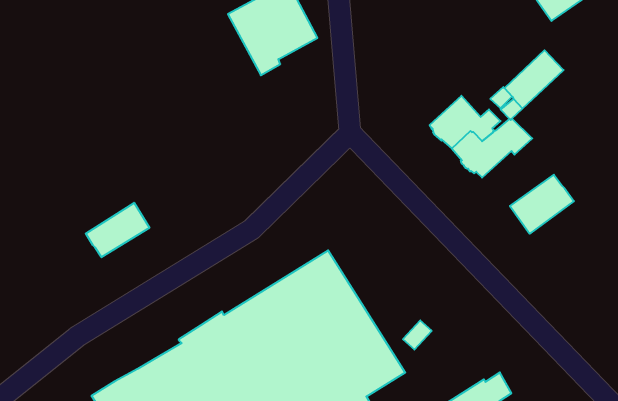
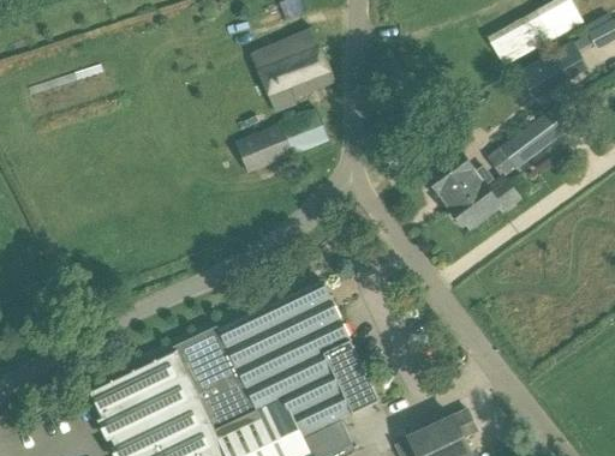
building: none -> [235,109,327,173]
building: [510,175,574,234] -> none
building: [86,203,149,257] -> none

